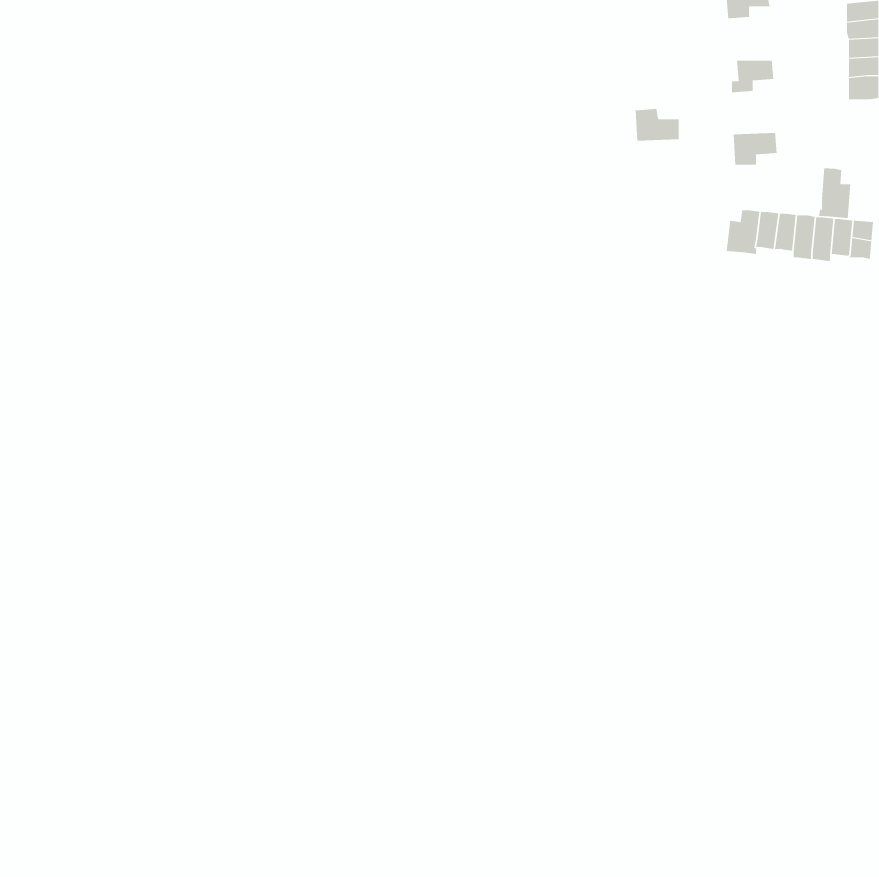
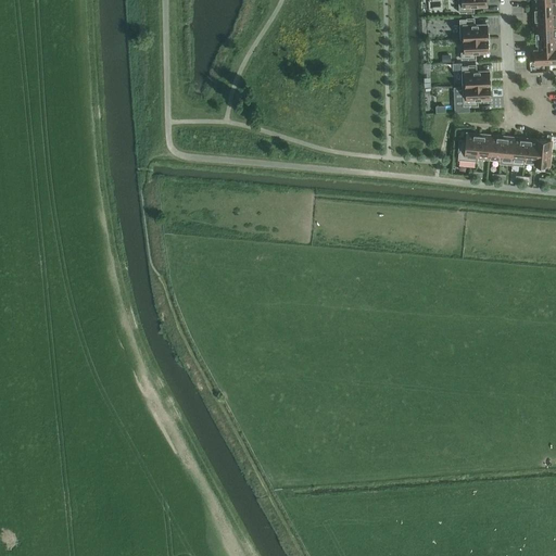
building: none -> [460,17,488,39]
building: [635,108,679,141] -> [462,64,490,85]
building: [819,168,851,219] -> none

